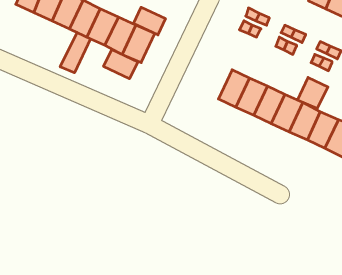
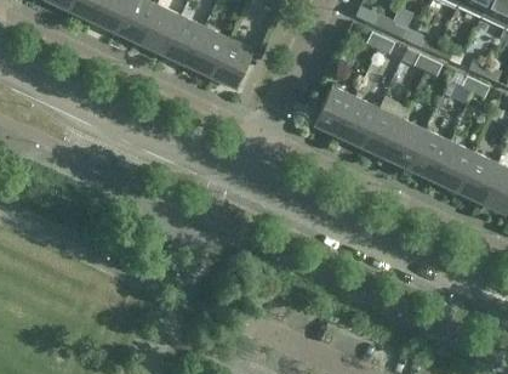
building: [134,7,165,35] -> none
building: [60,32,90,73] -> none
building: [104,49,138,79] -> none
building: none -> [314,86,356,136]
building: [297,77,328,109] -> none

